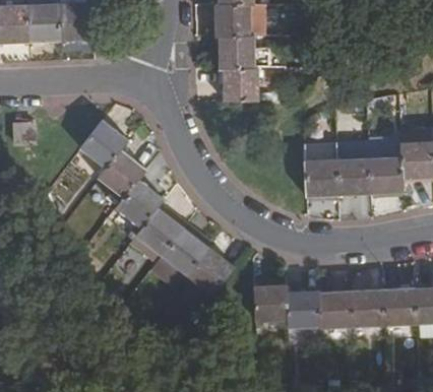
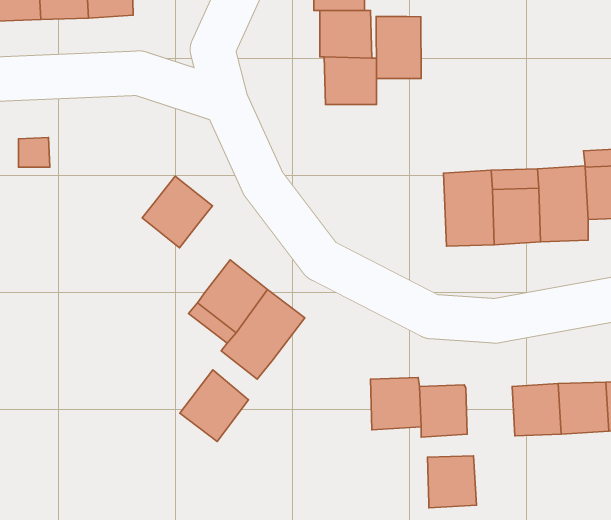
building: none -> [376,17,421,79]
building: [80,120,128,169] -> none
building: [116,180,164,228] -> none
building: [187,246,234,295] -> [180,370,249,442]
building: [319,292,353,328] -> [427,456,477,508]

